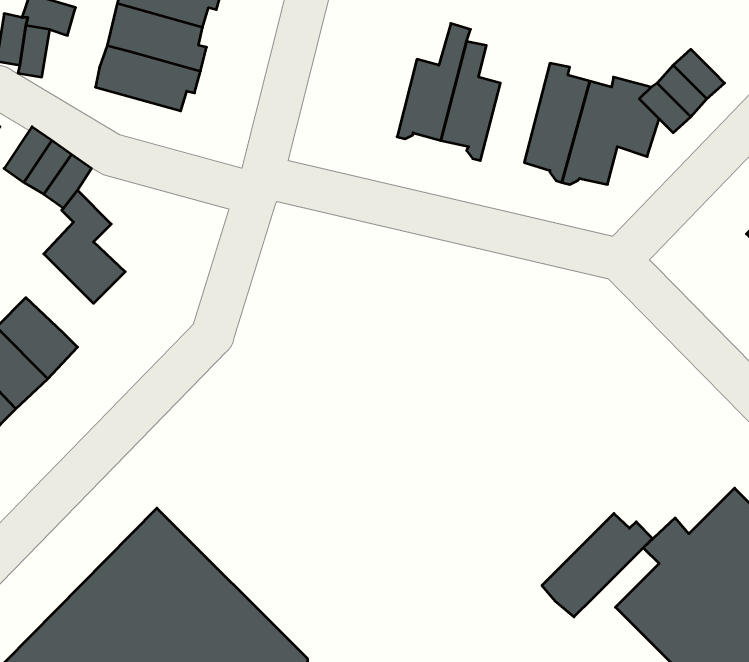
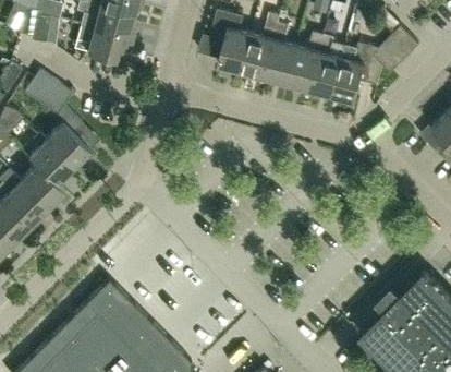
building: none -> [210,12,251,76]
building: none -> [285,33,324,91]
building: none -> [28,133,73,184]
building: [542,513,653,617] -> none

